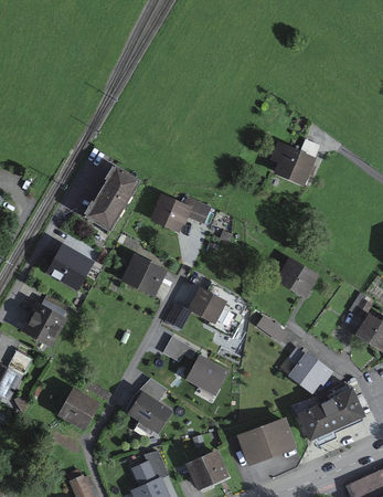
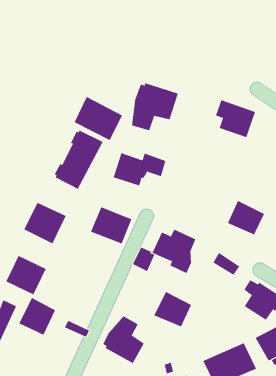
building: none -> [131,82,178,131]
building: none -> [74,96,123,141]
building: [162,336,195,361] -> none
building: [56,387,99,431] -> [19,297,56,336]

